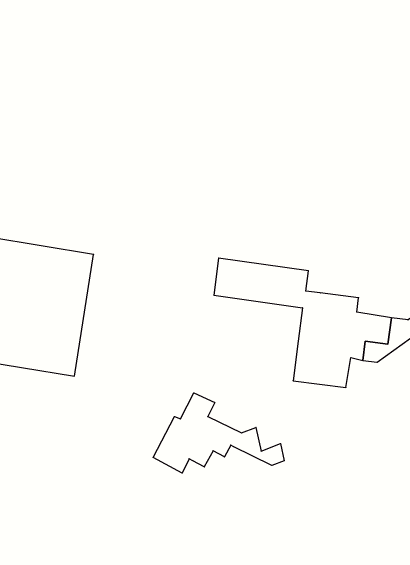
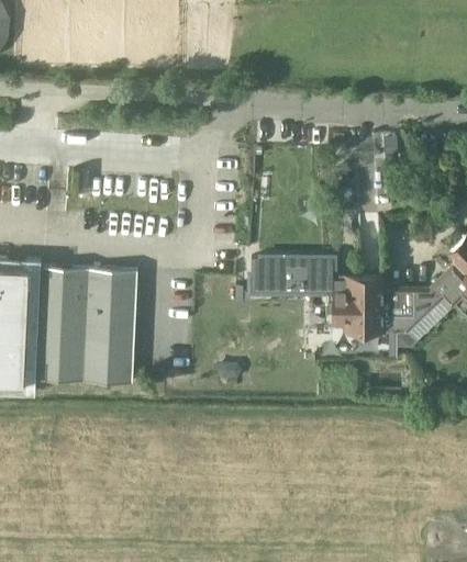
building: [153,393,284,473] -> none

